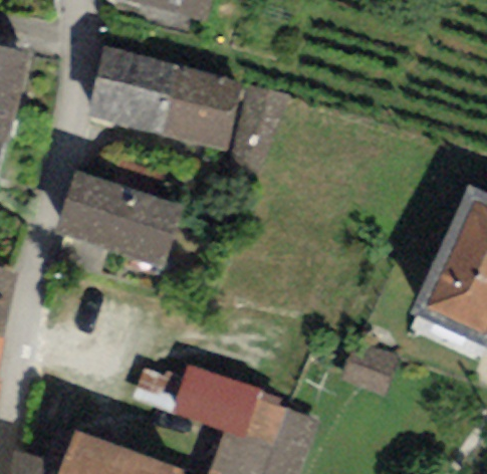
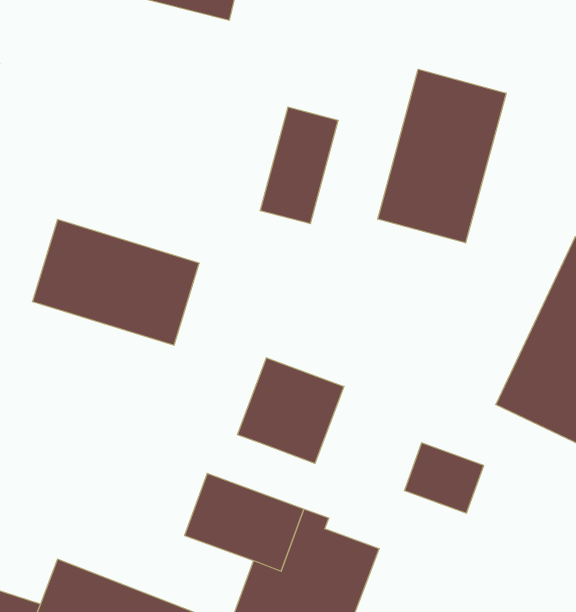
building: [86,45,236,151] -> none
building: none -> [378,69,506,243]
building: none -> [237,358,344,463]

